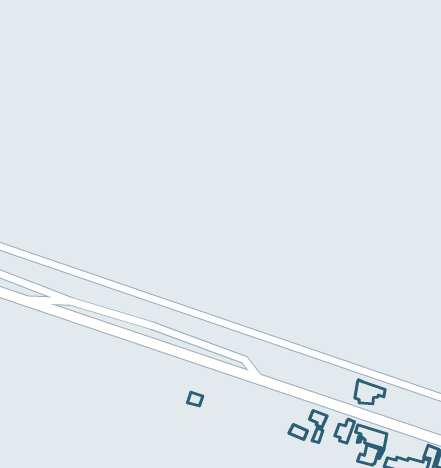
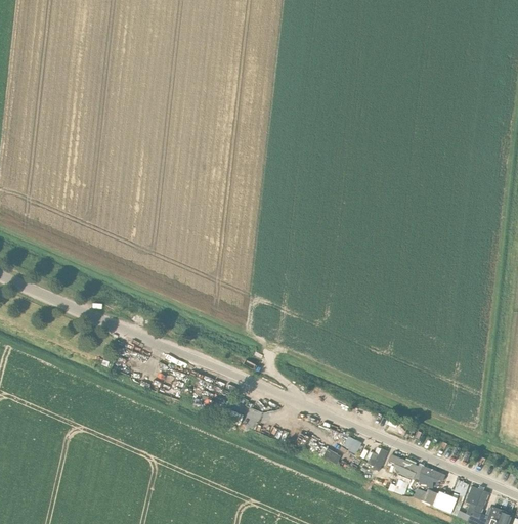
building: [355,380,385,404] -> [415,463,445,487]

